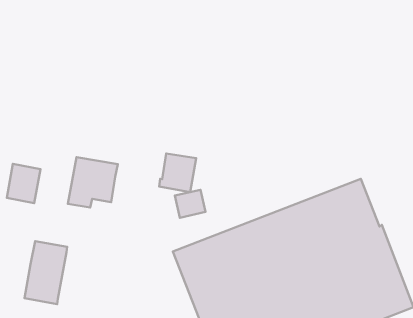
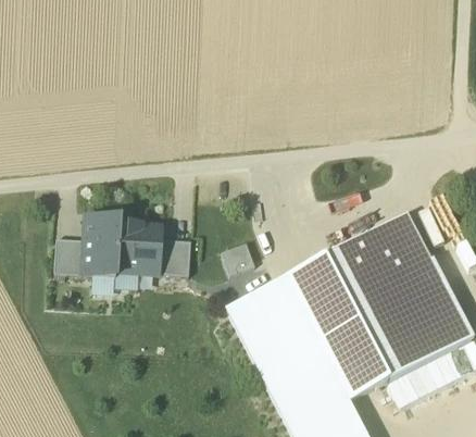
building: [159,154,196,192] -> [156,239,190,275]
building: [24,241,67,304] -> [82,216,118,277]

